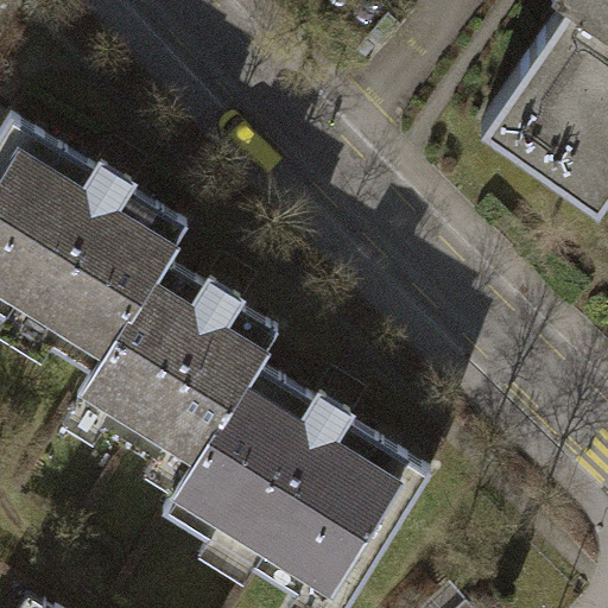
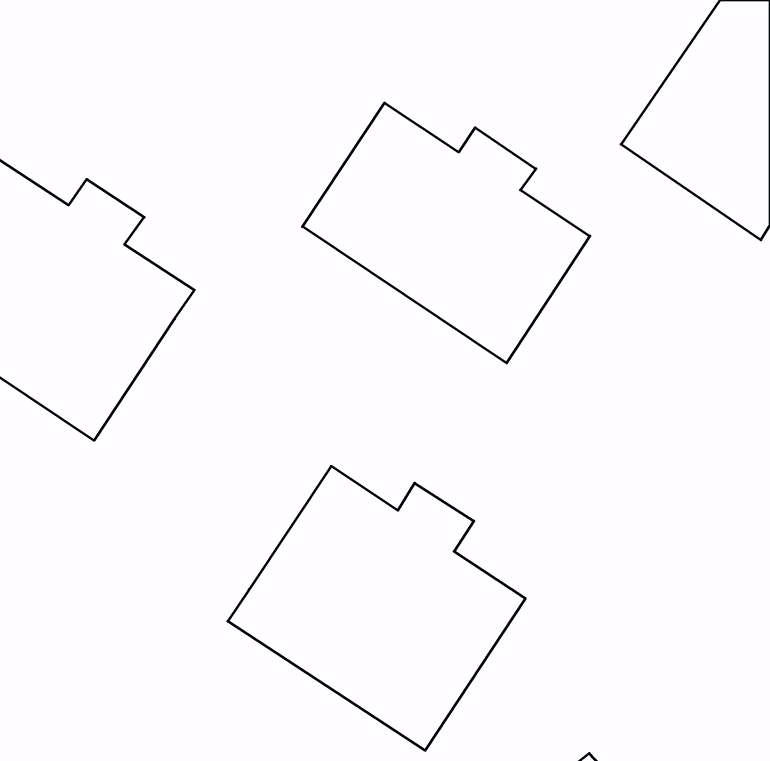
building: none -> [302,103,590,363]
building: [57,261,273,473] -> none

